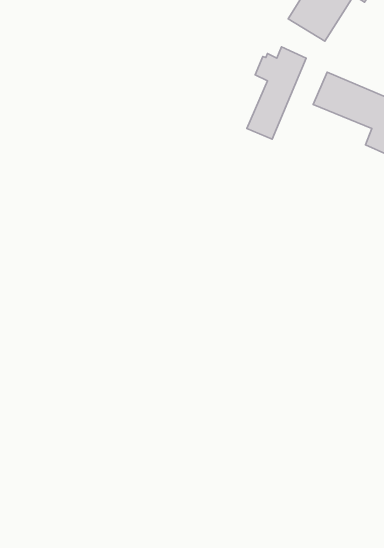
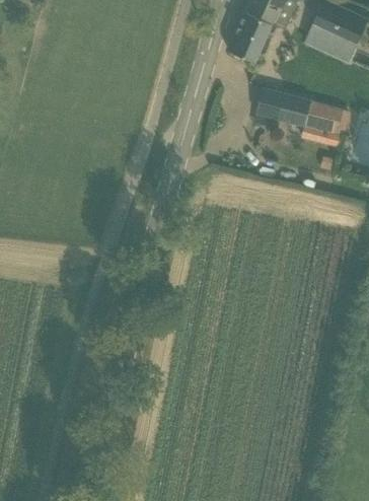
building: [247,47,306,139] -> none

